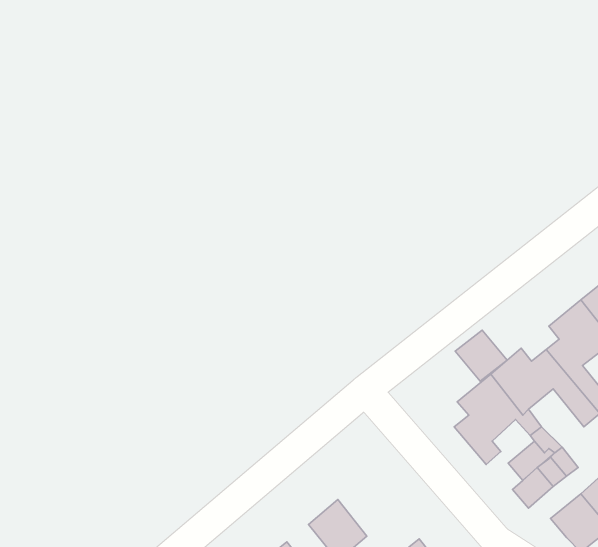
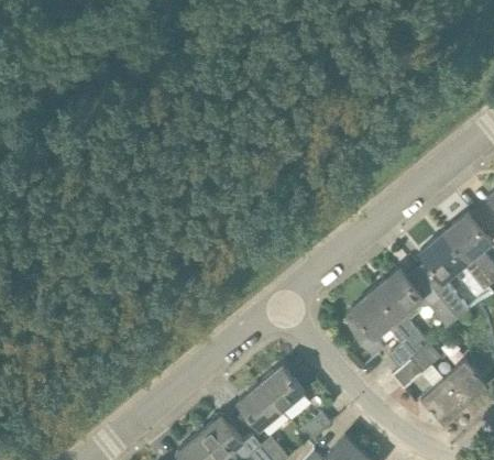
building: [455,330,507,381] -> none
building: none -> [260,366,304,412]

